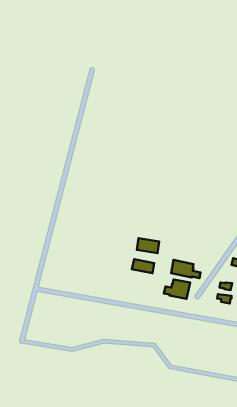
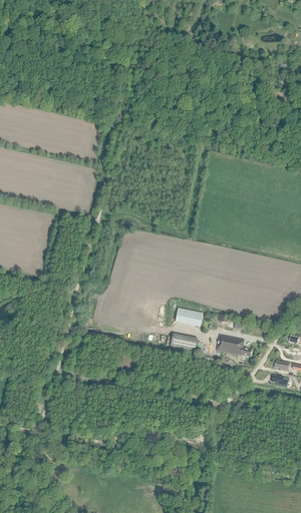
building: [164,280,190,299] -> none

